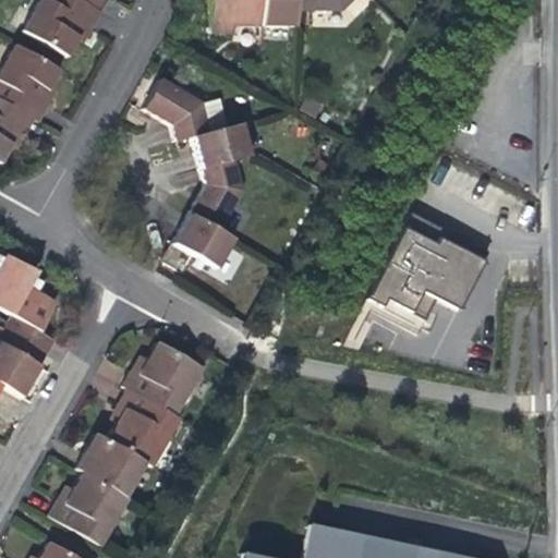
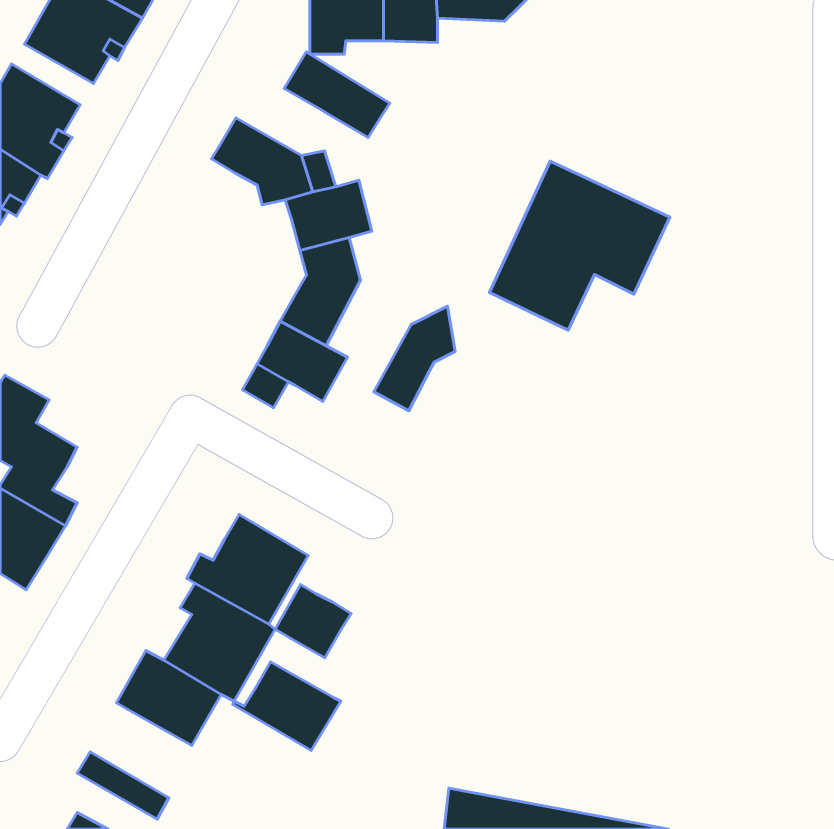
building: none -> [284,52,390,138]
building: none -> [374,306,455,411]
building: [368,216,488,328] -> [490,161,670,330]
building: none -> [275,584,351,658]
building: [62,472,134,531] -> [233,662,341,750]

